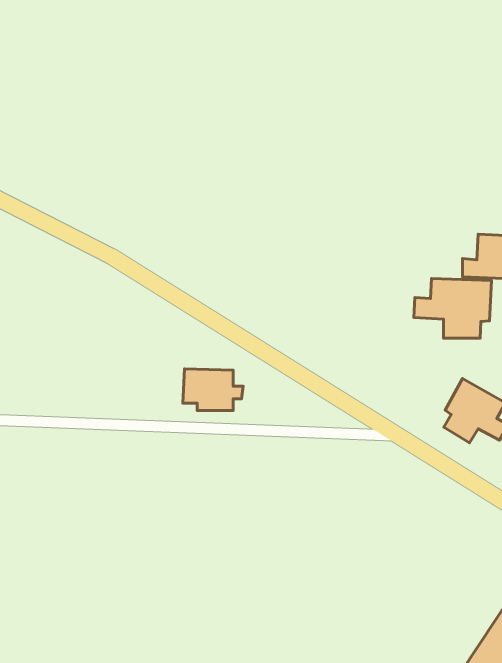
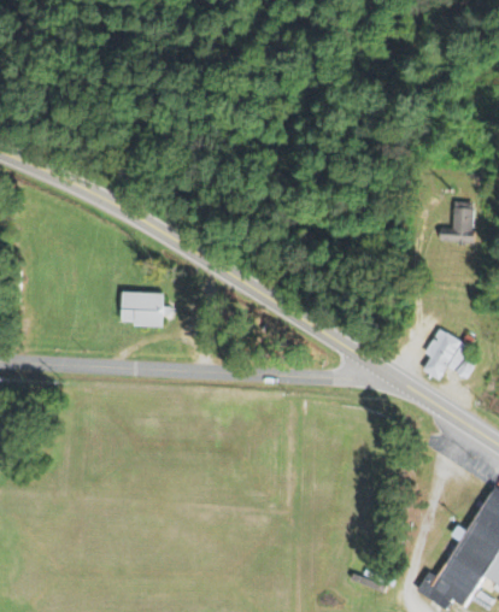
building: [414,278,492,338] -> none
building: [183,369,243,410] -> [121,292,171,326]

